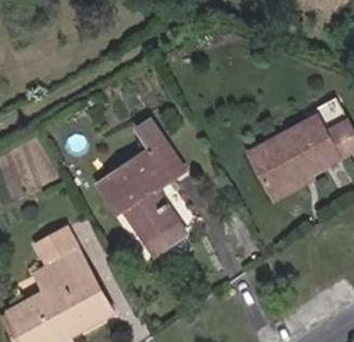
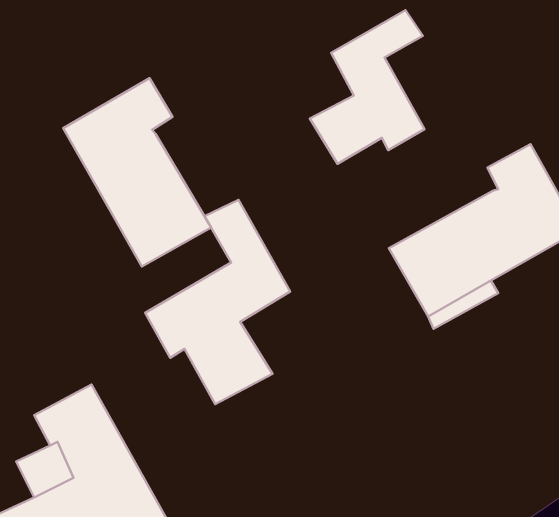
building: none -> [310,10,424,164]
building: none -> [63,78,211,267]

